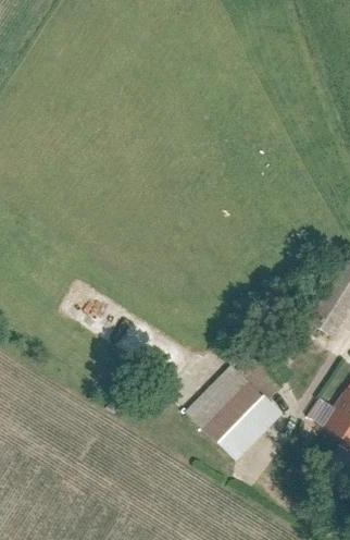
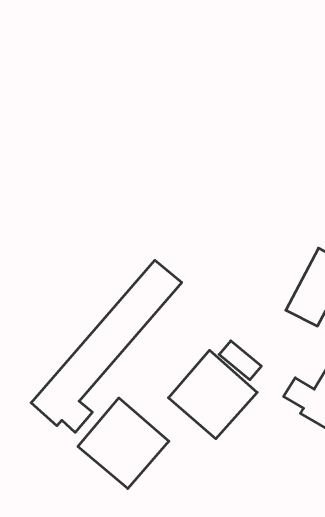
building: none -> [31,260,182,432]
building: none -> [78,398,169,489]

